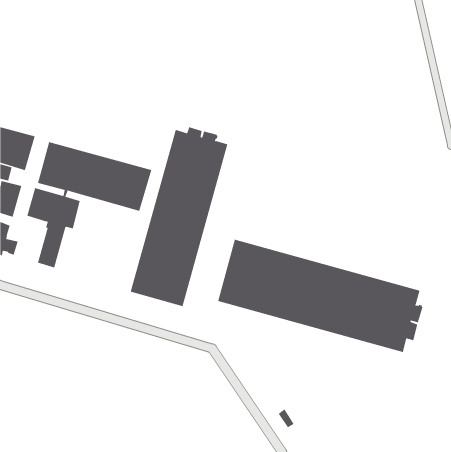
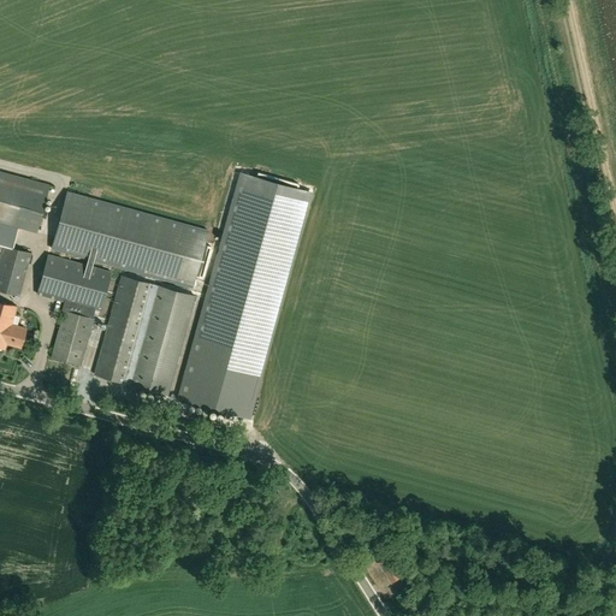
building: none -> [94,276,194,395]
building: [218,239,423,353] -> none

